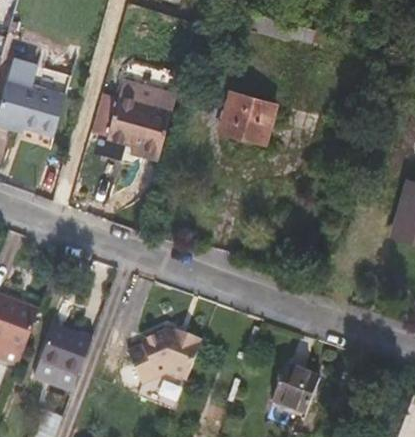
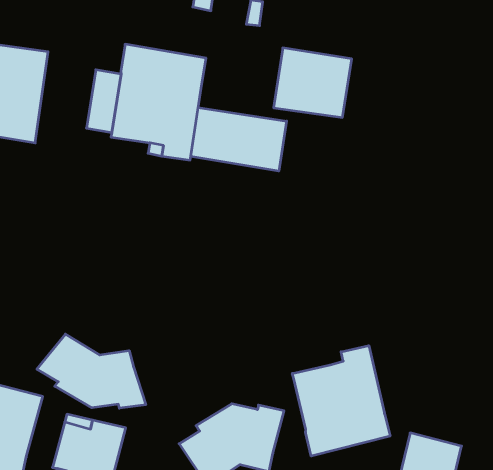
building: none -> [191,108,287,171]
building: none -> [37,334,146,408]
building: none -> [292,346,390,456]

